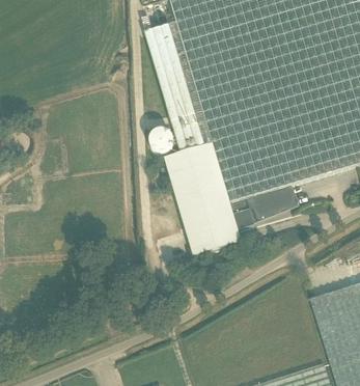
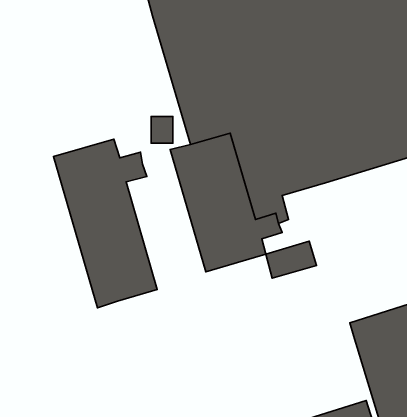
building: none -> [53,139,157,308]
building: [255,184,297,214] -> [266,241,317,278]

